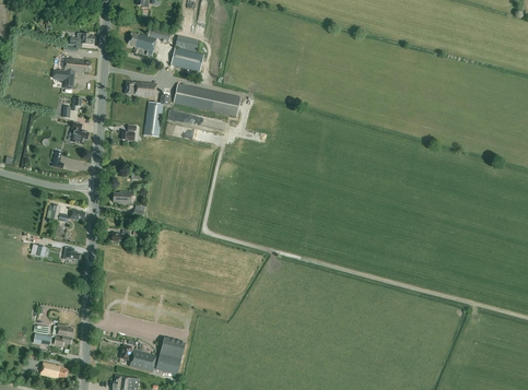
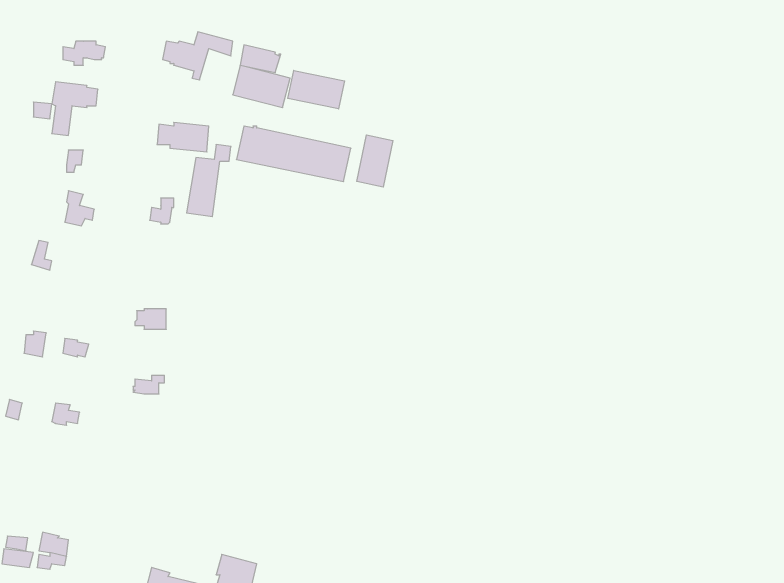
building: none -> [288,70,345,109]
building: none -> [357,135,393,187]

